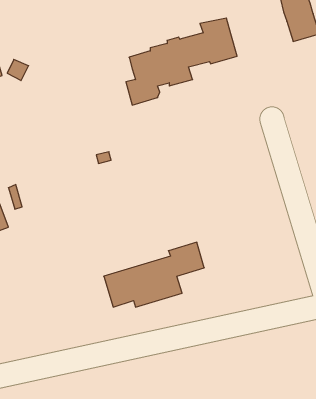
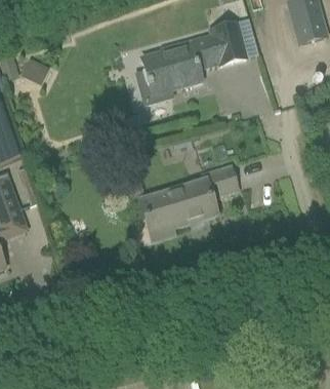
building: [104,242,204,307] -> [140,164,238,227]

